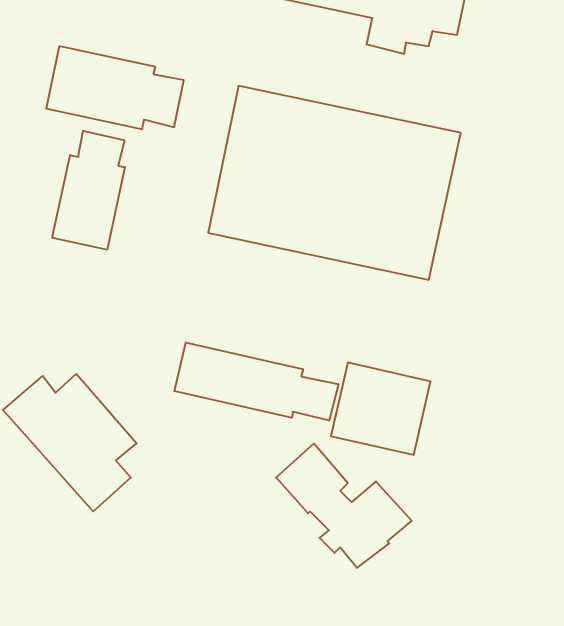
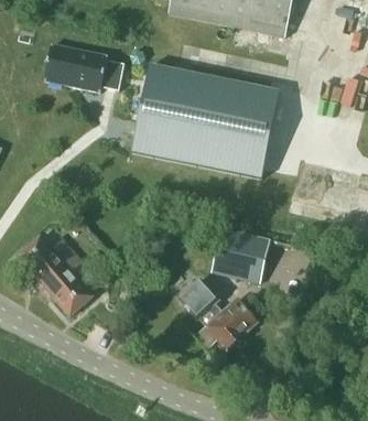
building: [52,131,125,250] -> none
building: [174,342,338,421] -> none

